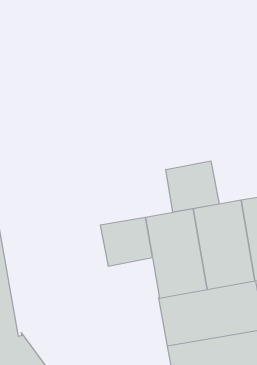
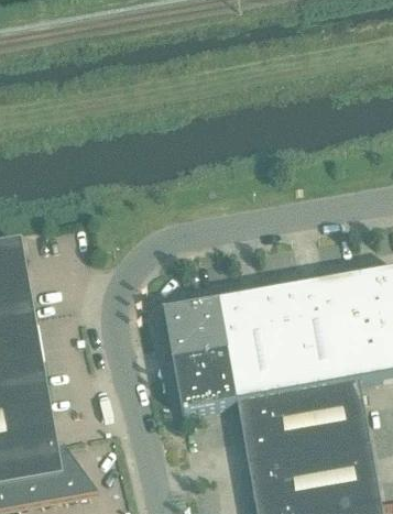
building: [166,161,219,212] -> none
building: none -> [173,347,238,408]

